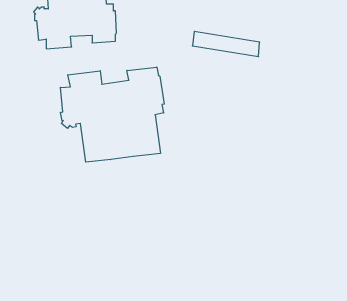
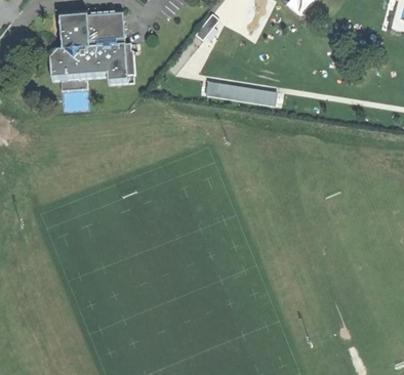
building: [60,67,164,162] -> none

